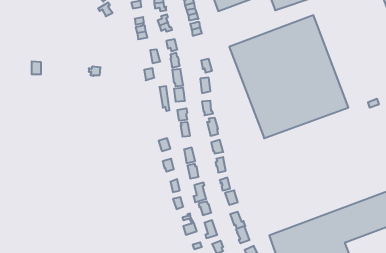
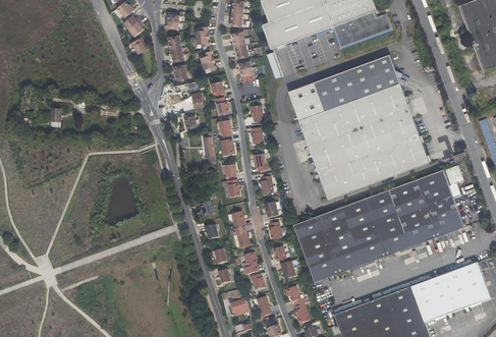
building: none -> [294,169,464,281]

